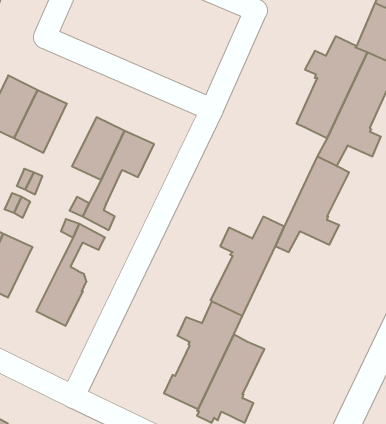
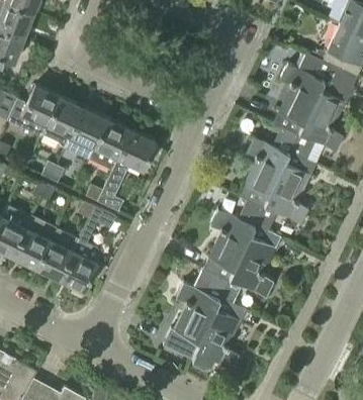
building: none -> [65,108,108,160]
building: none -> [238,127,298,209]
building: none -> [221,225,281,304]
building: none -> [35,226,79,279]

